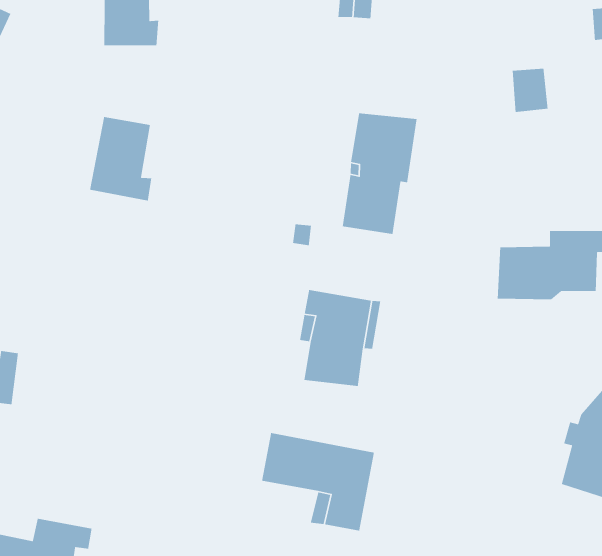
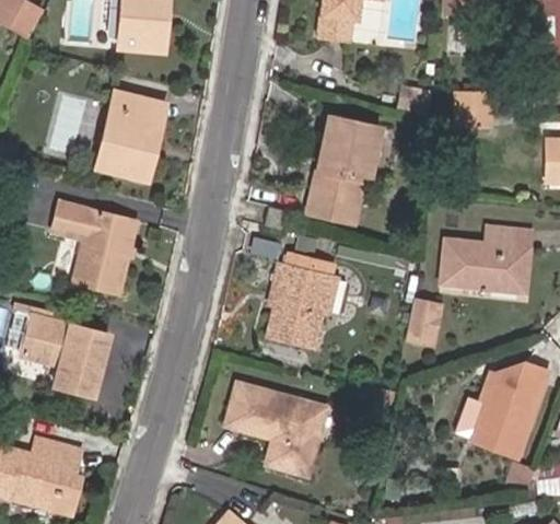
building: none -> [117,94,168,160]
building: none -> [56,201,138,292]
building: none -> [406,303,439,348]
building: none -> [24,316,108,395]

